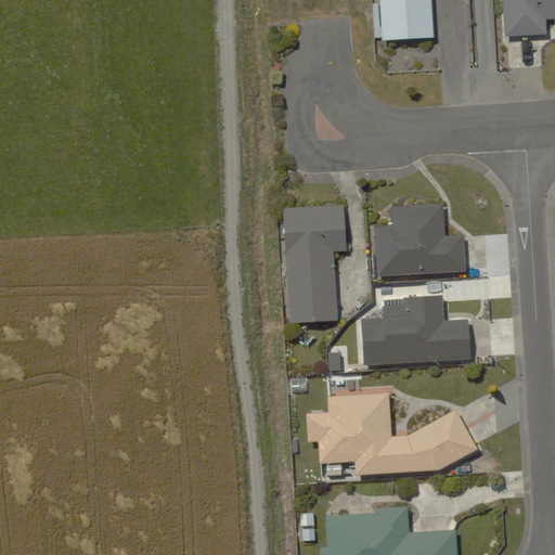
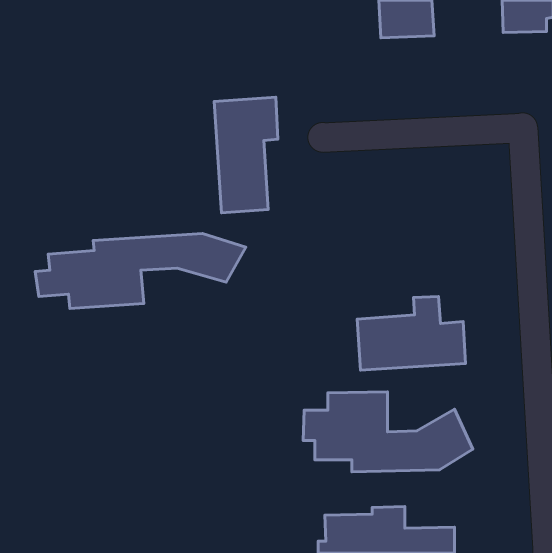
building: [373,201,463,276] -> none
building: [282,206,346,322] -> [214,97,278,213]
building: none -> [35,234,246,308]

